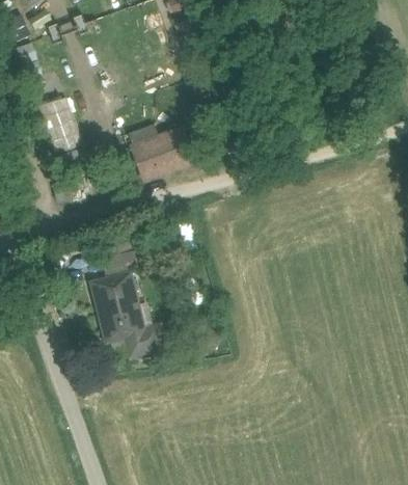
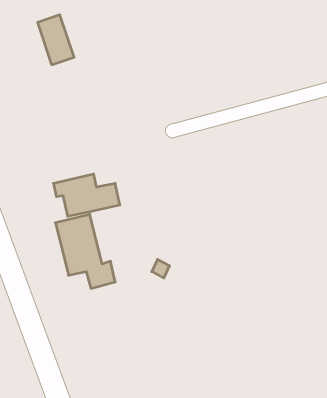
building: [39,96,80,151] -> [38,15,74,65]
building: [130,131,189,181] -> none

